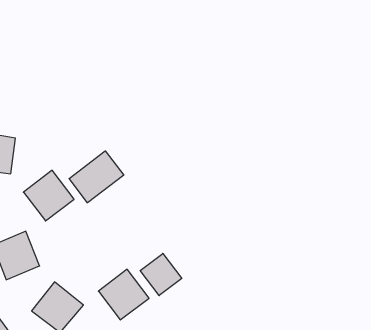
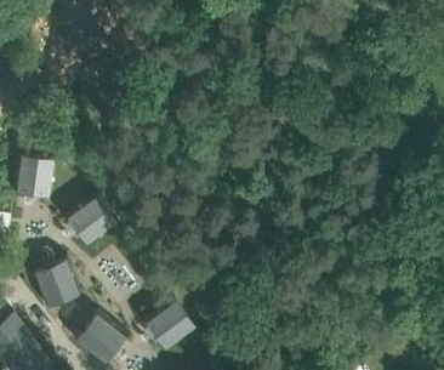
building: [69,151,124,203] -> none
building: [140,253,182,296] -> none

